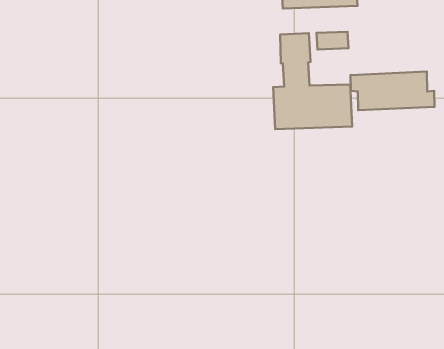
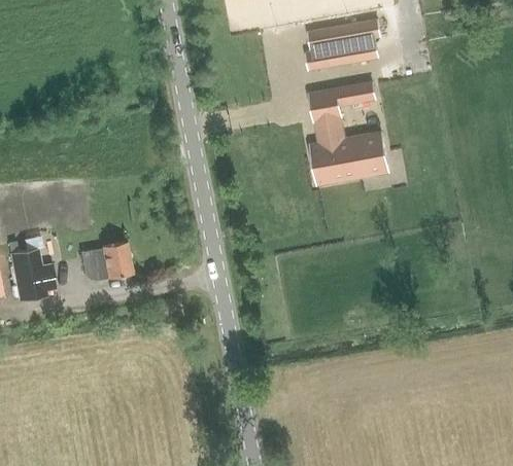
building: [350,72,435,110] -> none
building: none -> [81,241,133,280]

